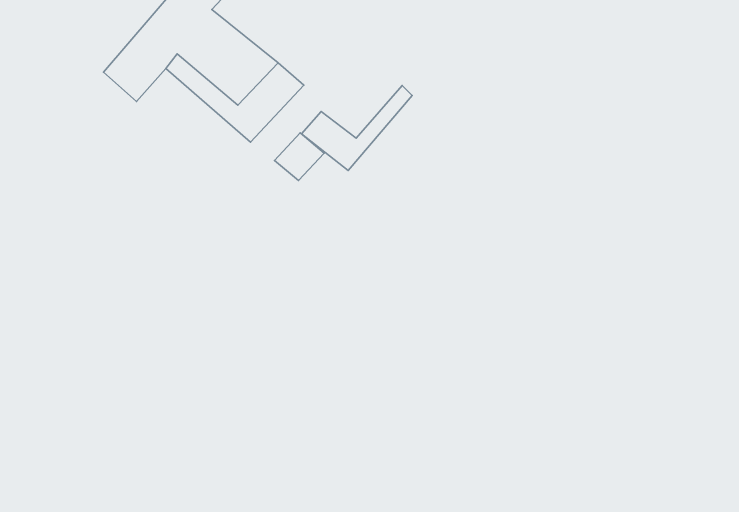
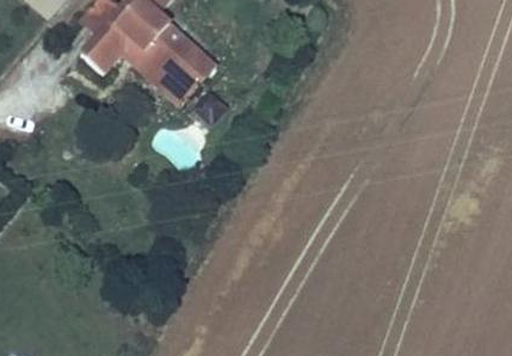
building: [302,86,412,170] -> none

